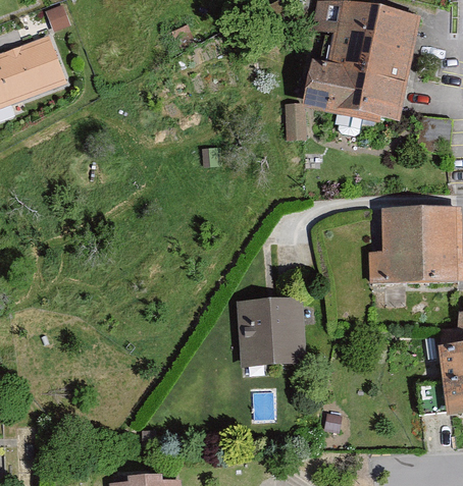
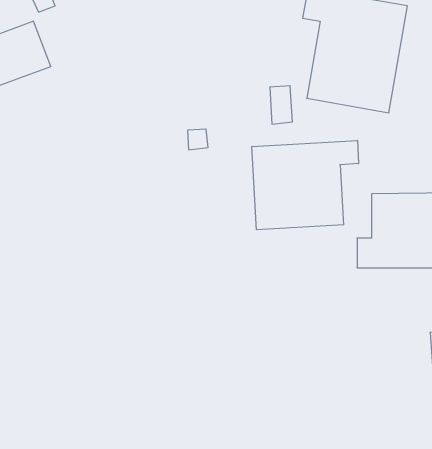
building: none -> [252,140,359,230]
building: [237,294,305,362] -> none

